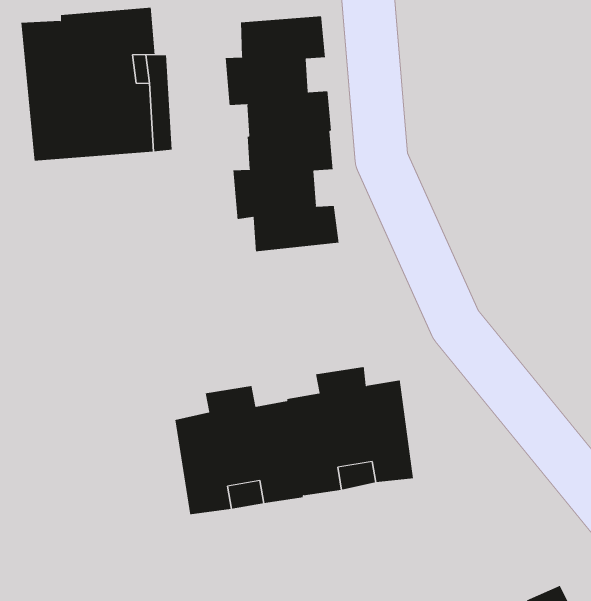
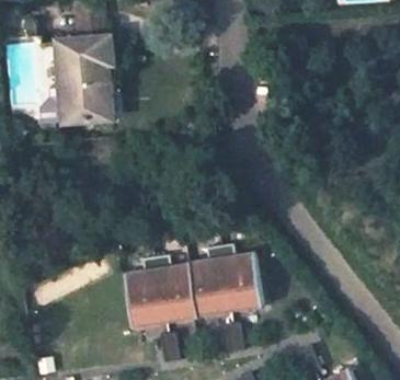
building: [225,15,339,252] -> none

